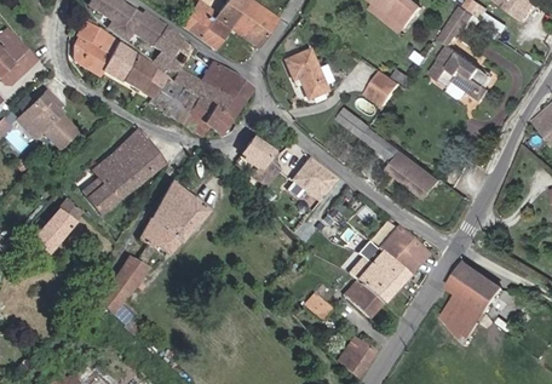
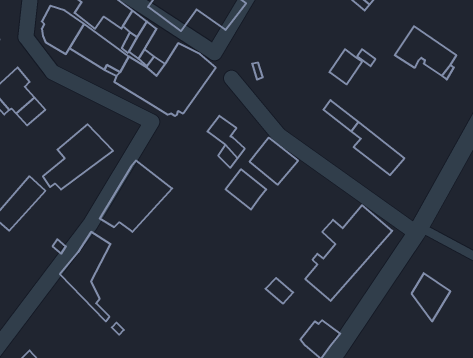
building: [284,52,324,101] -> none
building: [121,127,162,171] -> none
building: none -> [226,169,266,210]
building: [447,259,501,311] -> none

